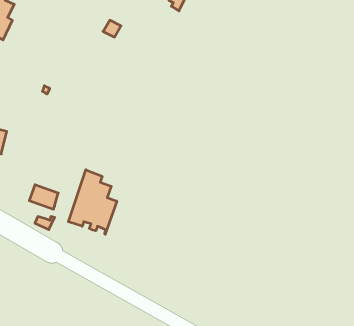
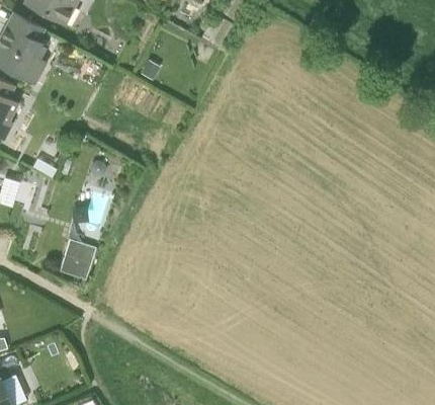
building: [68,170,117,234] -> none

